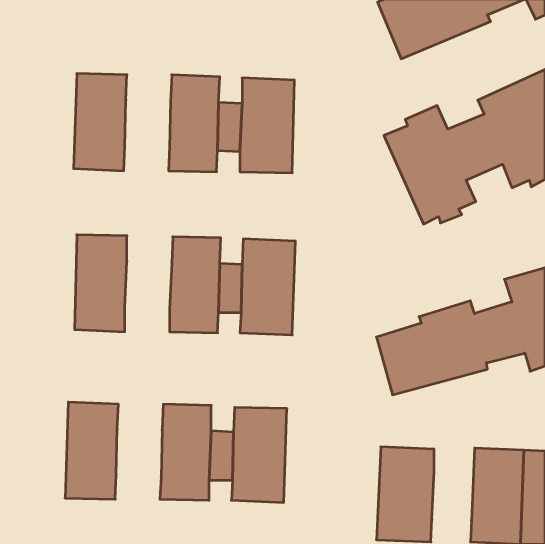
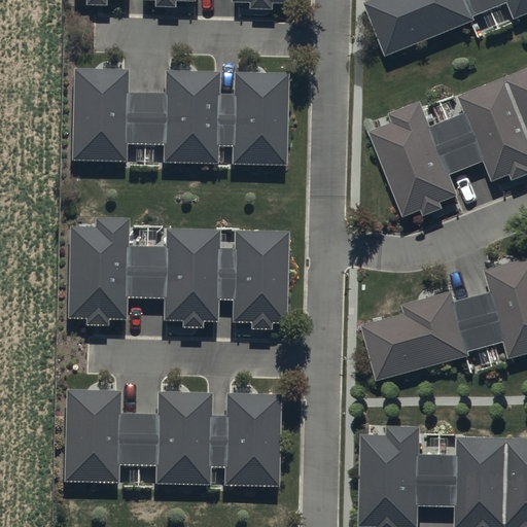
building: none -> [120,97,165,142]
building: none -> [120,252,166,298]
building: none -> [112,414,156,460]
building: none -> [417,455,457,502]

